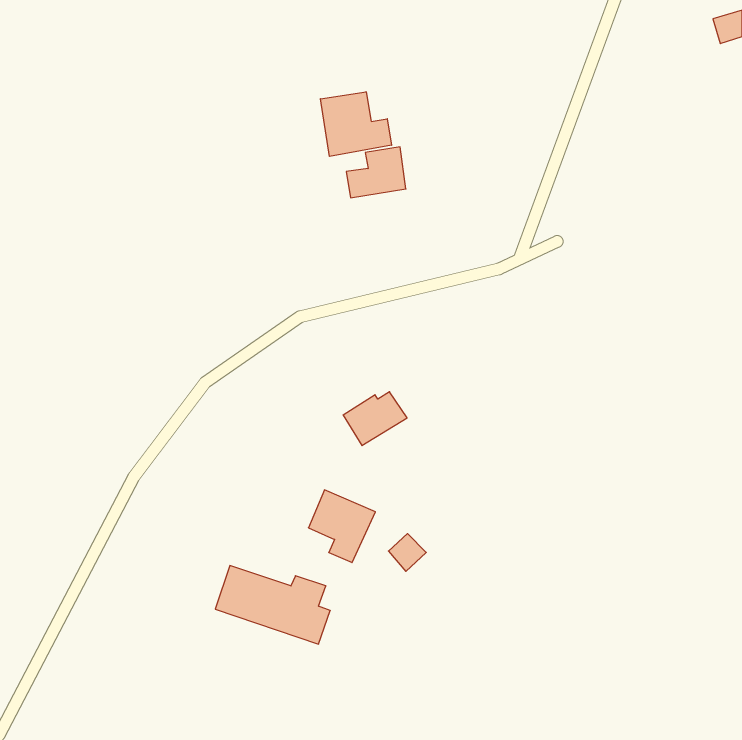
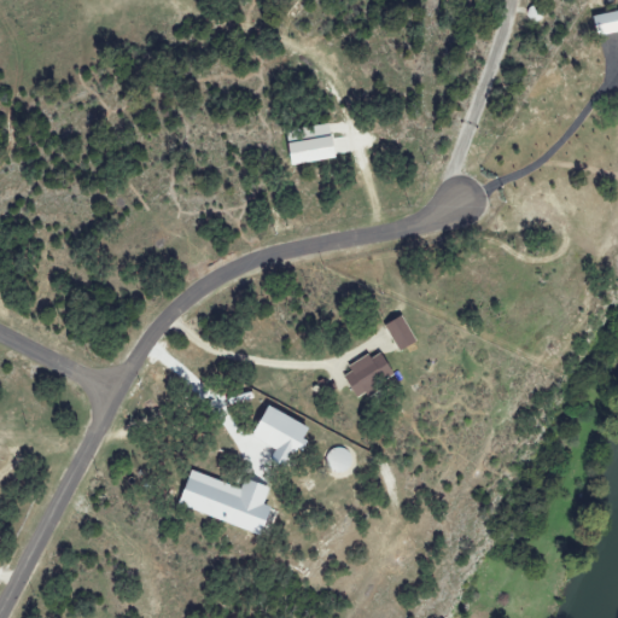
building: [320,92,392,156] -> none
building: none -> [386,315,415,350]
building: [343,392,407,446] -> [343,351,396,396]

